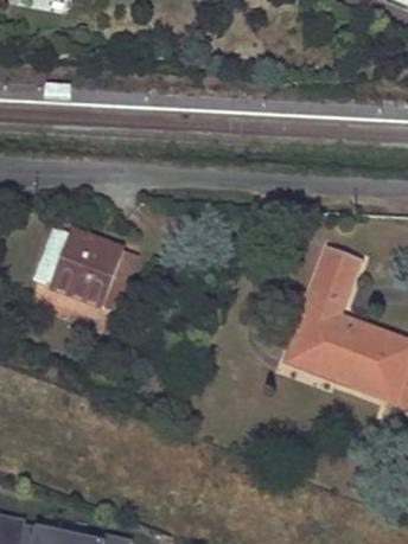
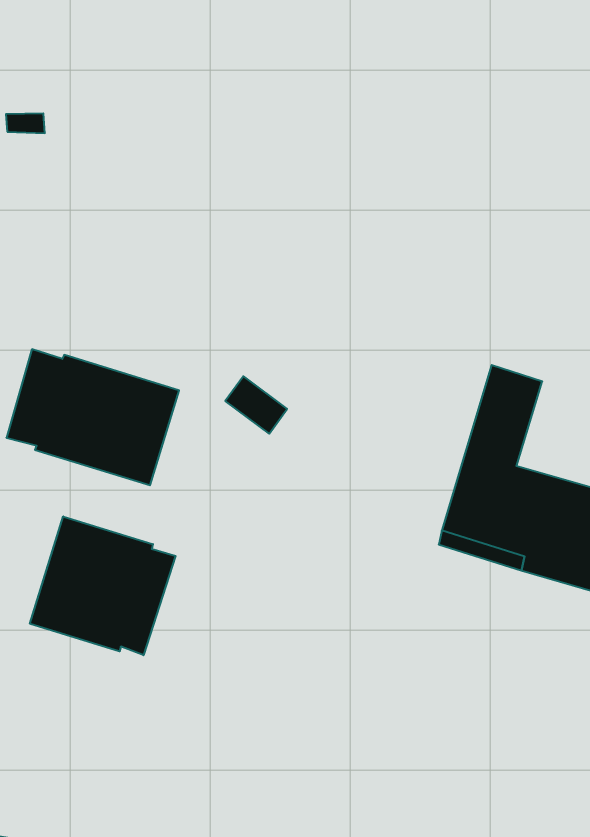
building: none -> [30,516,176,655]

